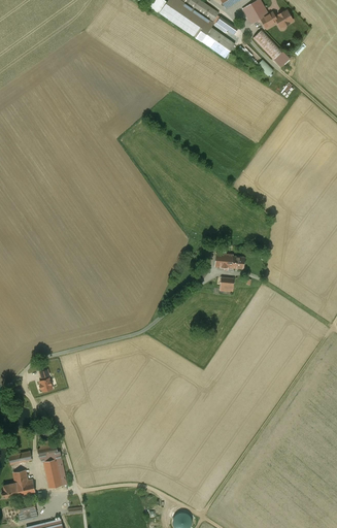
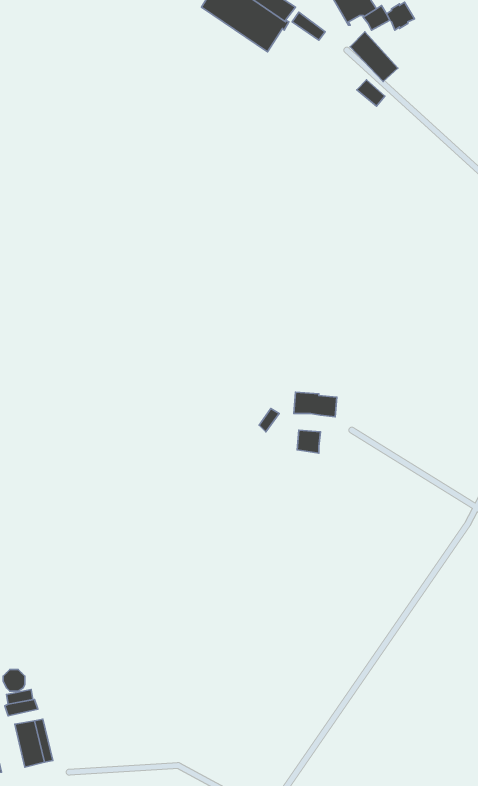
building: [201,28,234,59] -> none

